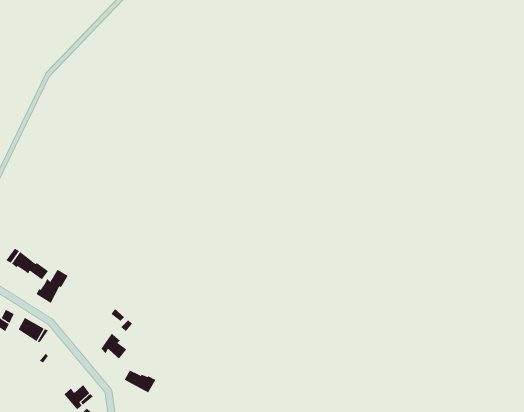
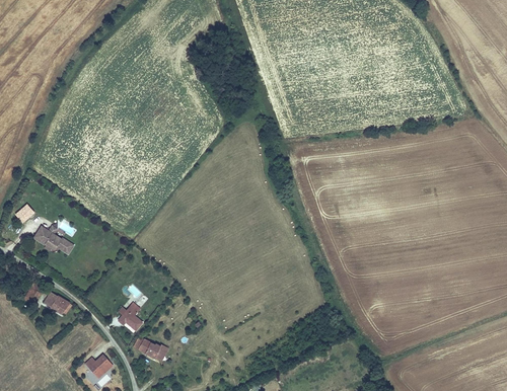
building: [36,269,69,304] -> none

